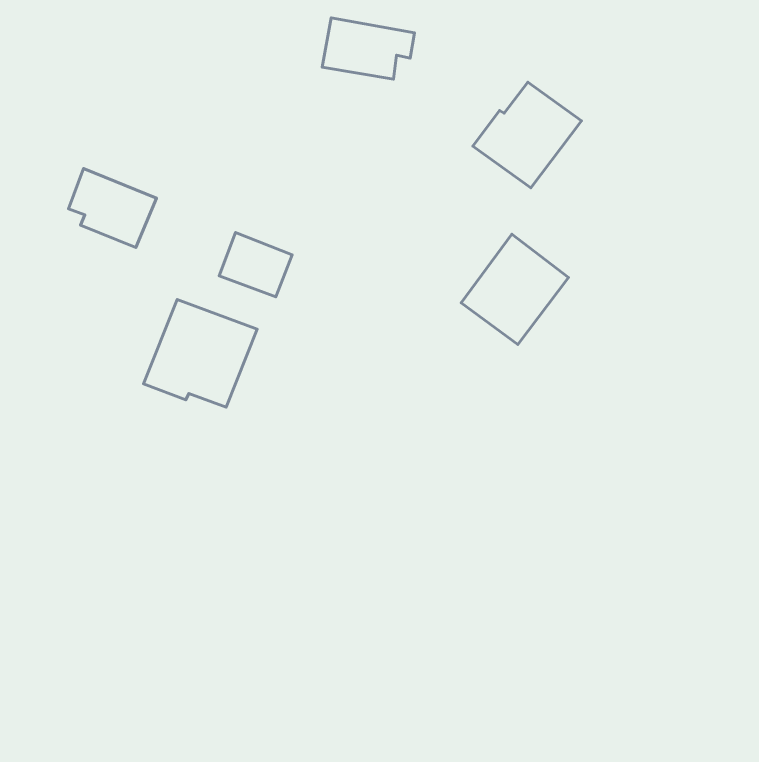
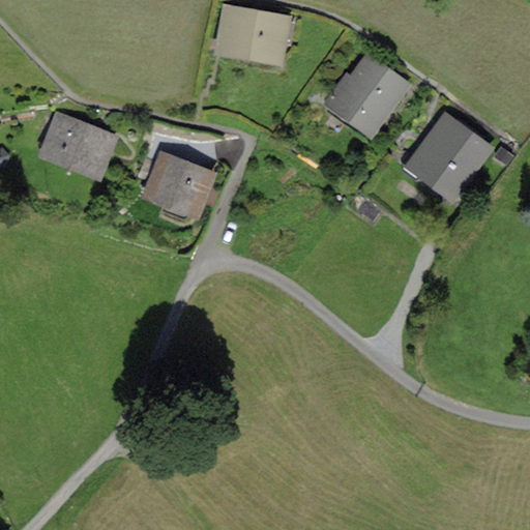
building: [461,234,569,345] -> [411,116,485,193]
building: [144,299,257,407] -> none

